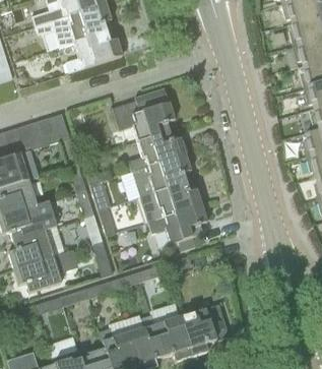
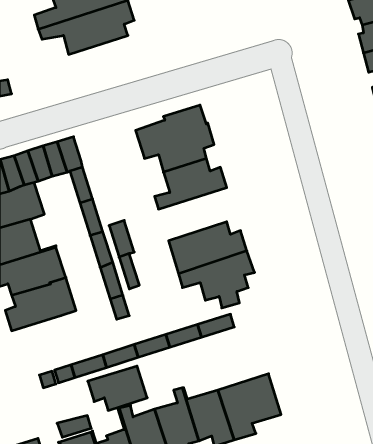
building: [57,30,121,71] -> none
building: [119,152,190,199] -> none
building: [11,255,59,291] -> [88,366,147,410]

